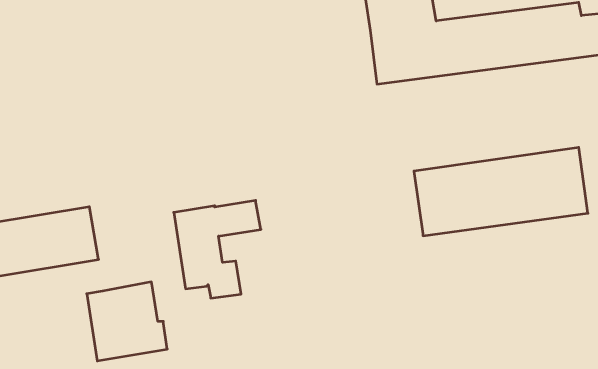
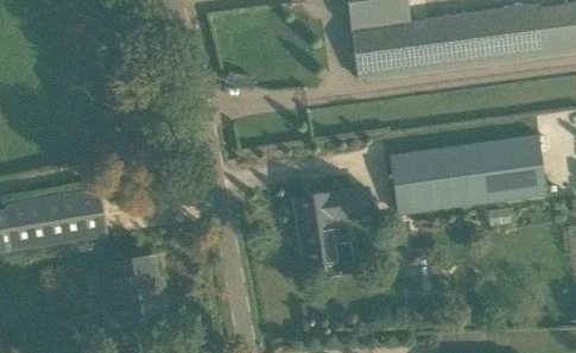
building: [174,200,261,298] -> [293,187,372,275]

